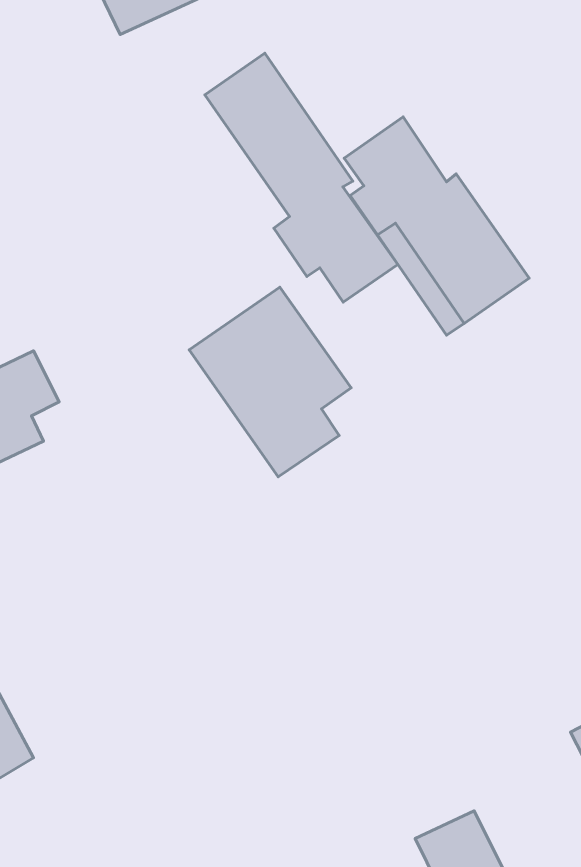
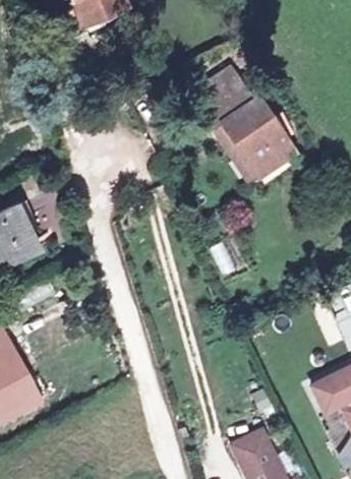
building: [205,53,398,302] -> none
building: [189,287,351,477] -> none

